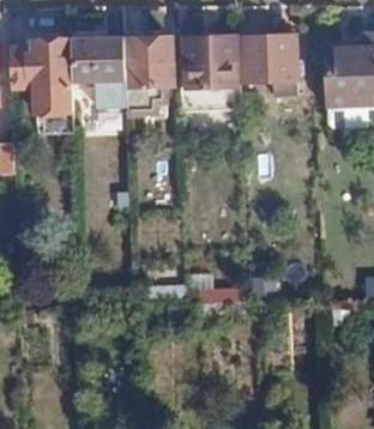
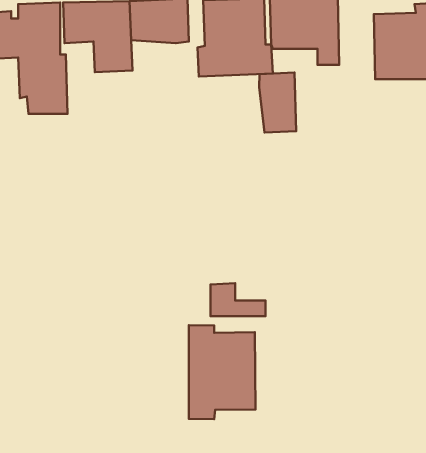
building: none -> [259,72,296,132]
building: none -> [189,325,255,419]

